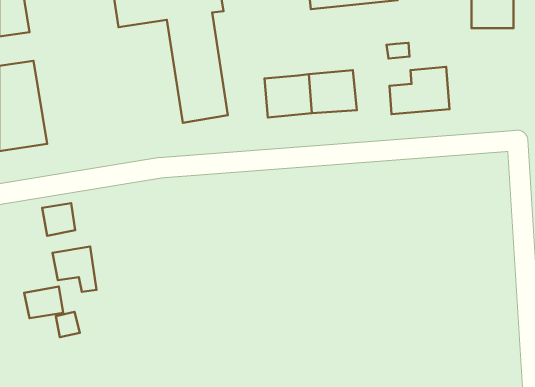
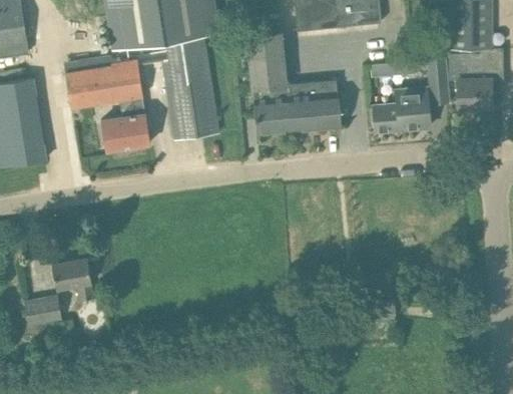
building: none -> [247,32,286,97]
building: none -> [450,49,501,107]
building: none -> [428,58,447,101]
building: none -> [65,62,150,150]
building: [42,203,75,236] -> none

